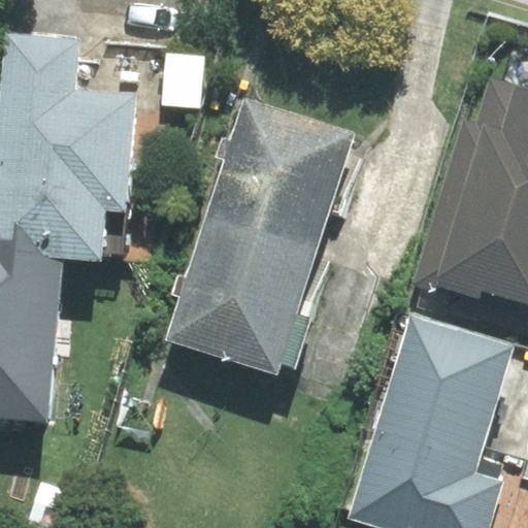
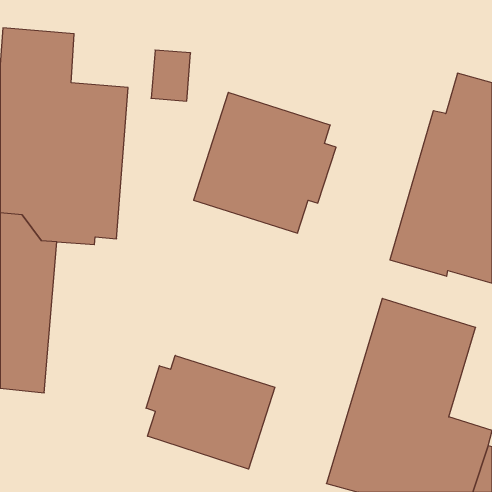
building: [167,214,329,373] -> none
building: none -> [146,355,275,469]

